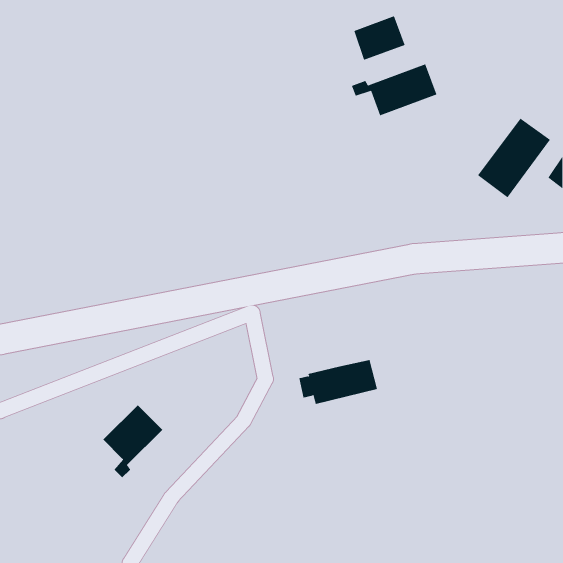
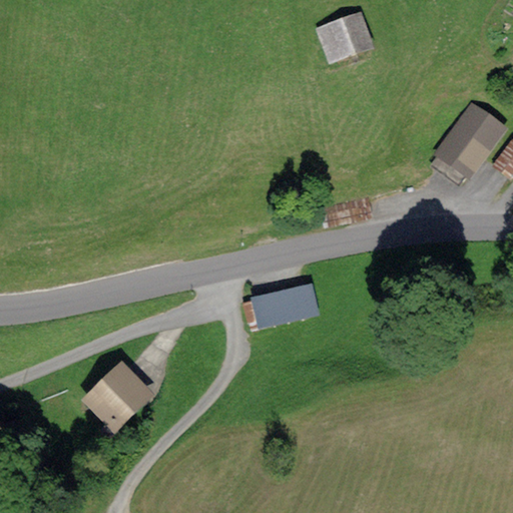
building: [351,64,437,116] -> none
building: [299,359,378,405] -> [246,284,319,325]

